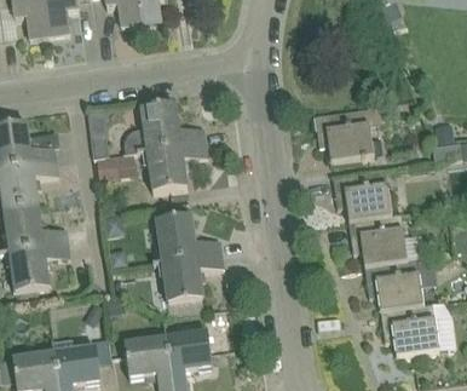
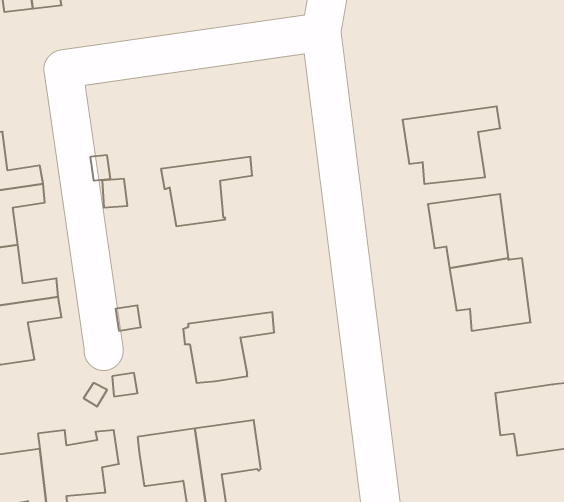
building: [123,103,206,153] -> none
building: [155,214,221,260] -> none
building: [364,257,422,310] -> none

